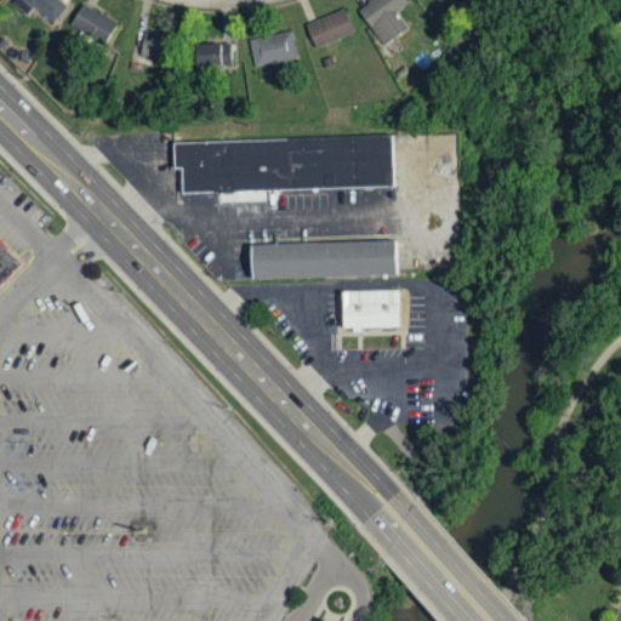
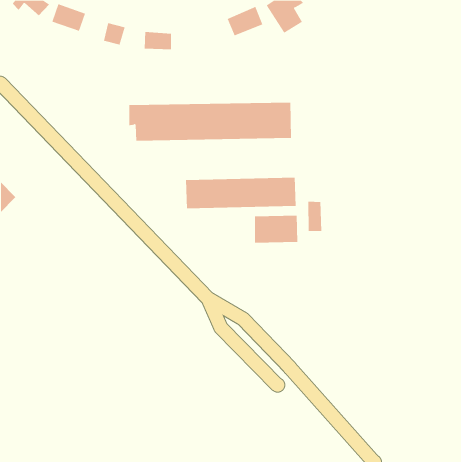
building: [249,30,298,67] -> none
building: none -> [308,201,322,232]

